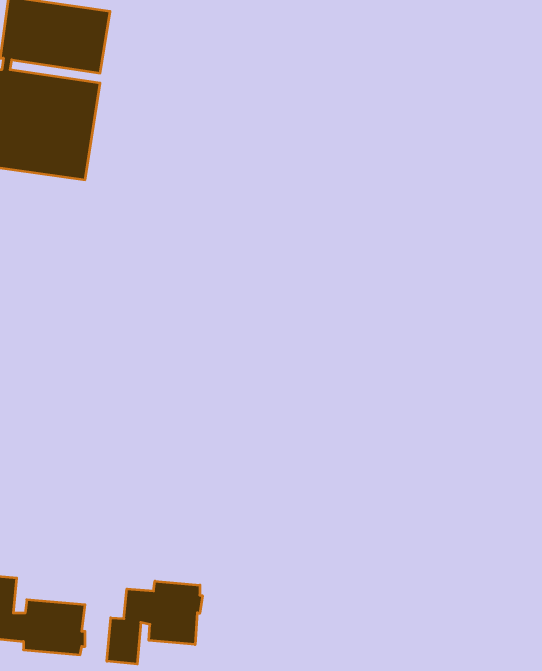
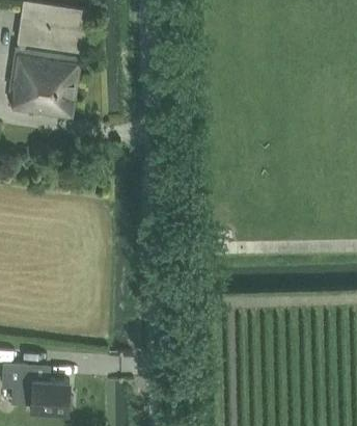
building: [107,581,202,664] -> none

